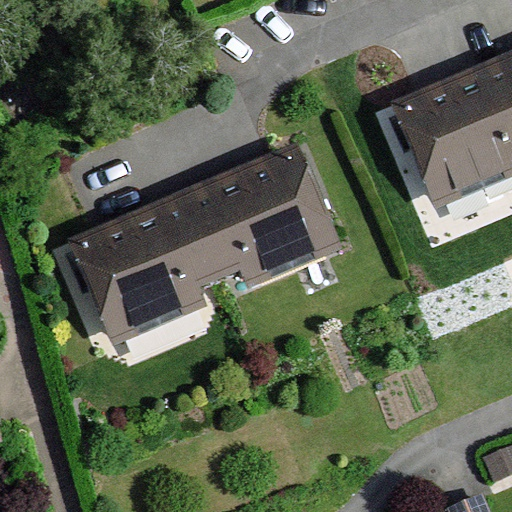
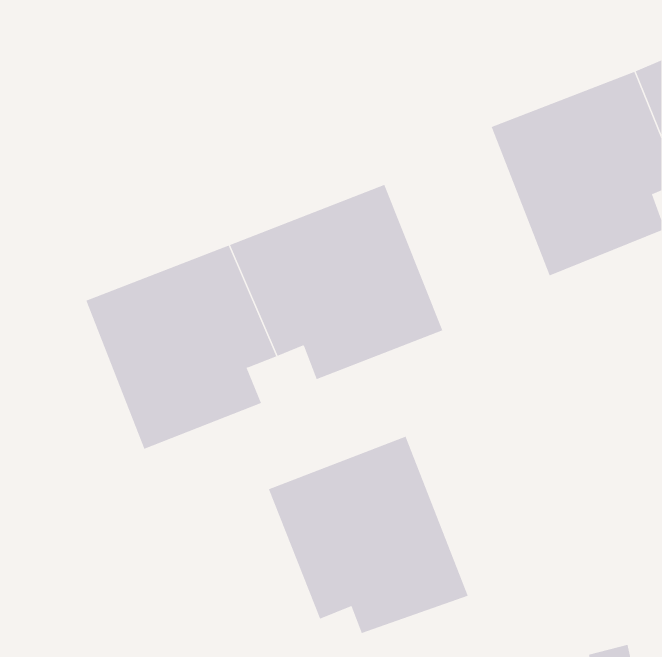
building: none -> [268,436,468,634]

